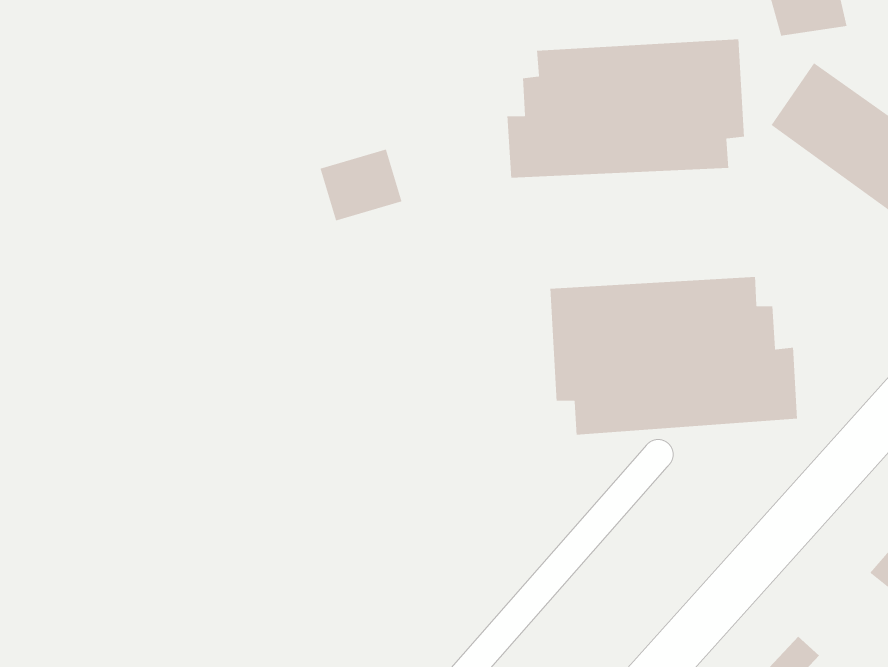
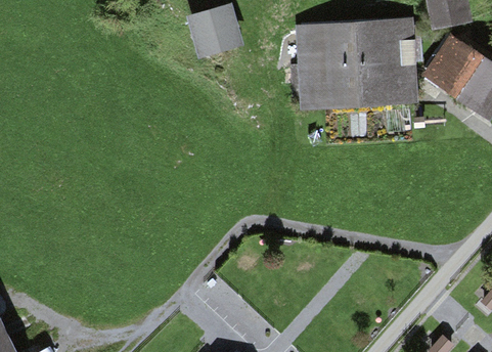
building: [320,148,402,221] -> [193,10,236,48]
building: [549,276,798,435] -> none

